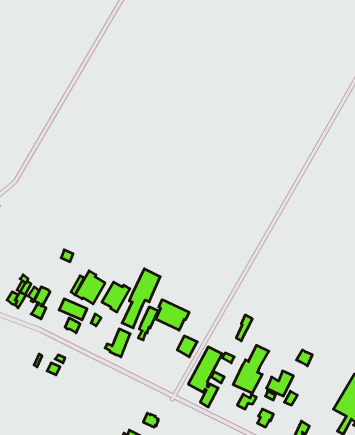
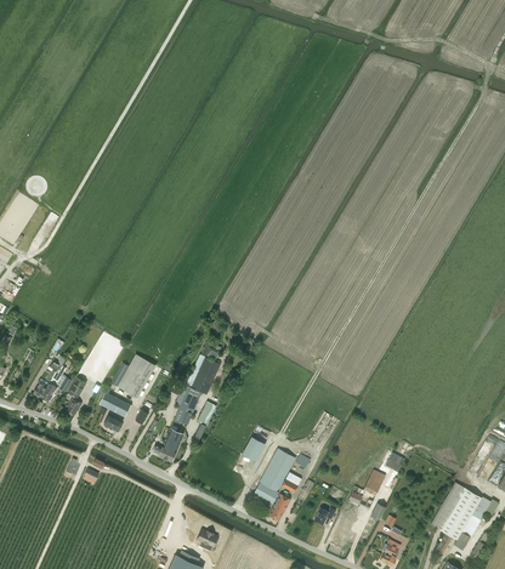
building: [102,282,130,312] -> none
building: [156,300,189,330] -> none
building: [233,345,269,393] -> none

